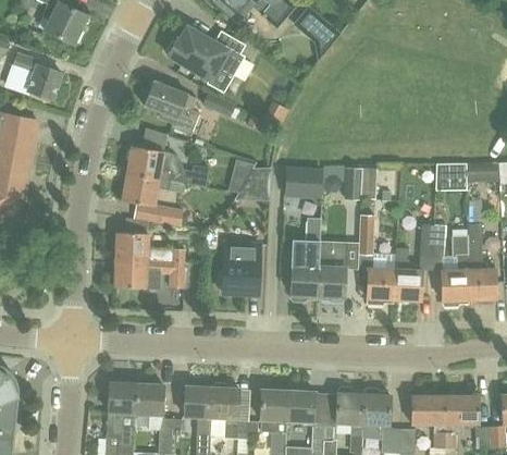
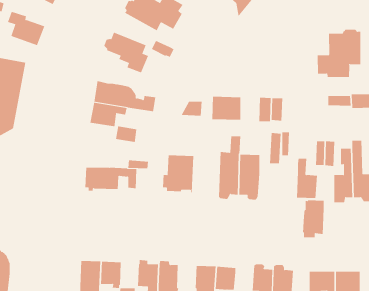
building: none -> [317,29,361,78]
building: [115,232,147,259] -> none
building: [366,254,395,304] -> [302,200,324,238]

